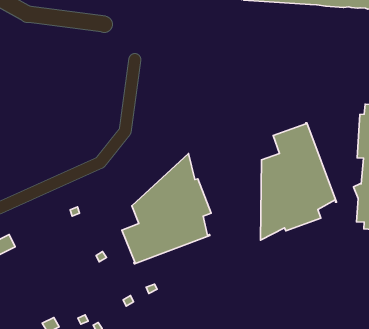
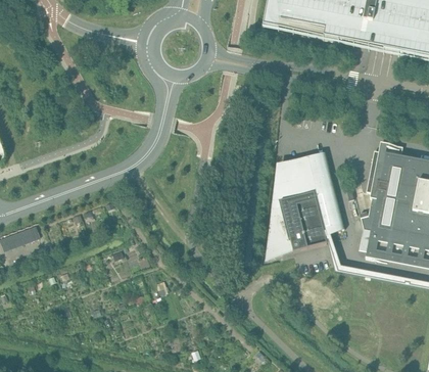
building: [122,154,211,264] -> none

